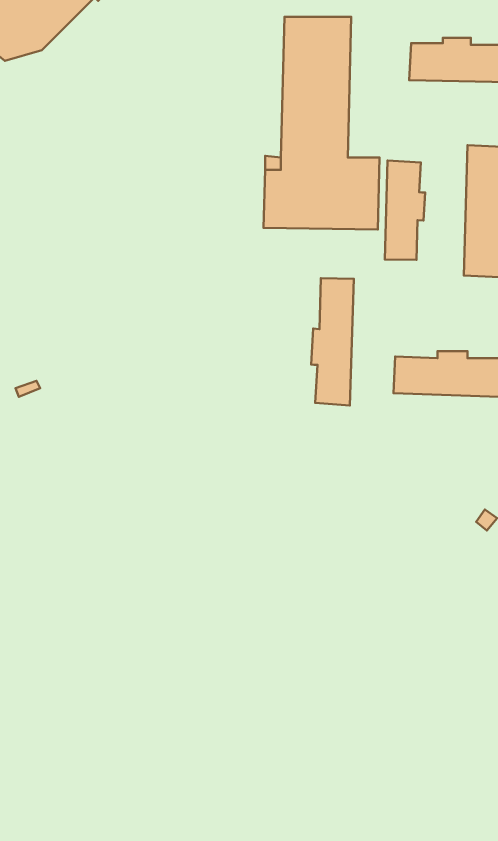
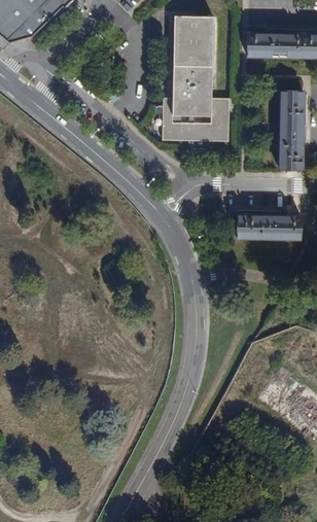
building: [385,160,425,260] -> none
building: [311,278,354,406] -> none

